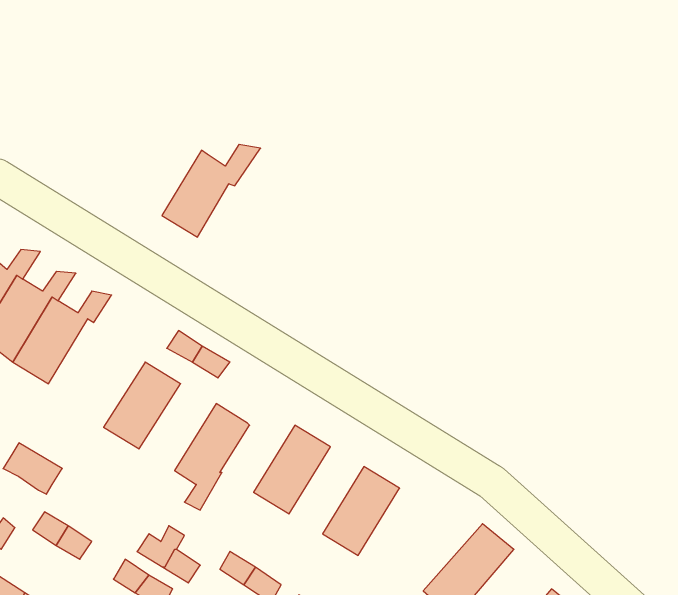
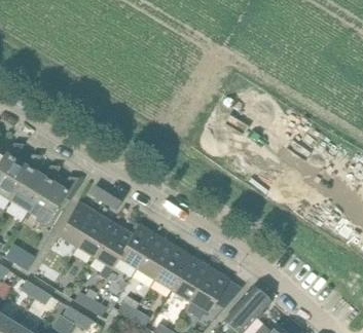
building: [162,144,261,237] -> [29,177,80,225]
building: none -> [76,214,116,259]
building: none -> [118,224,157,270]
building: none -> [154,247,193,292]
building: none -> [190,268,230,314]

